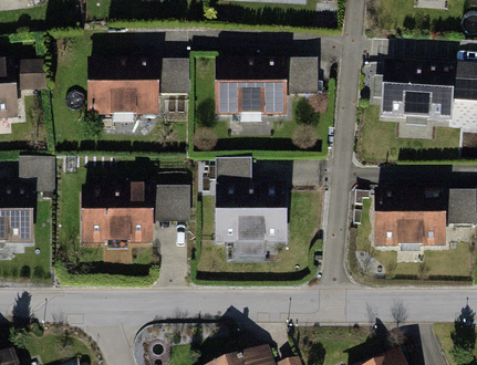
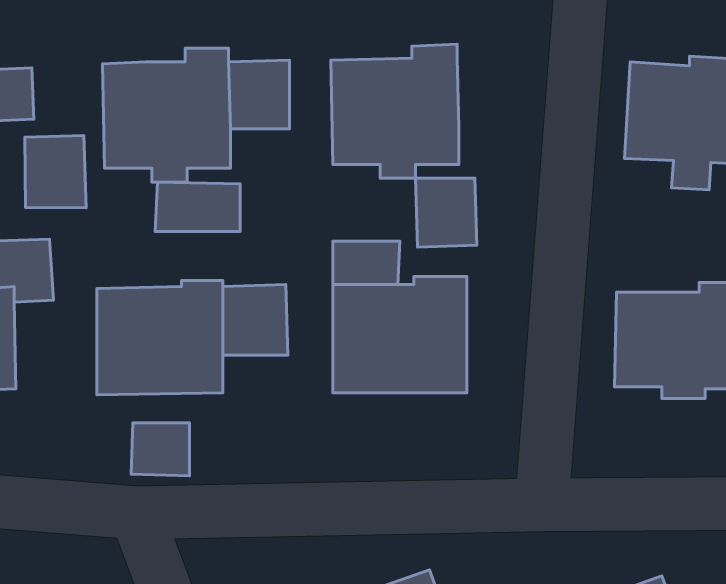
building: [284,55,319,94] -> [416,178,477,247]
building: none -> [25,135,86,208]
building: none -> [155,182,240,232]
building: none -> [131,423,190,476]

